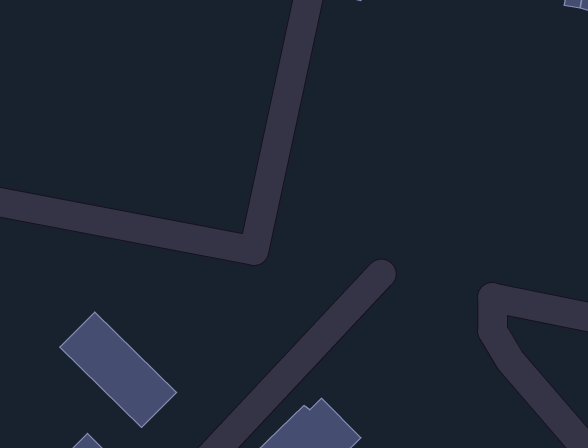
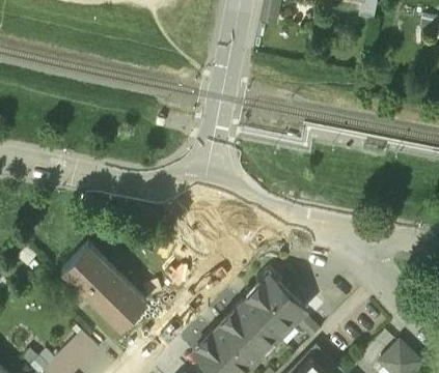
building: none -> [244,279,303,337]

